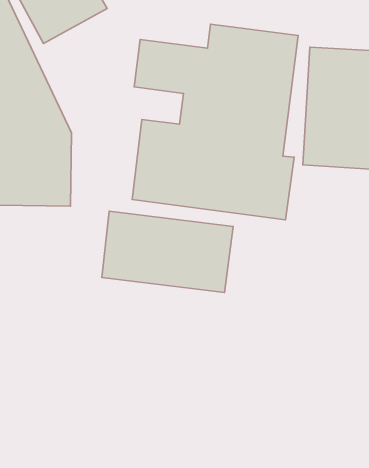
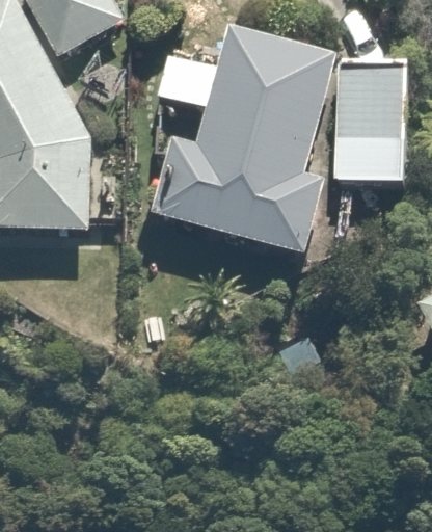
building: [102,211,233,293] -> none

